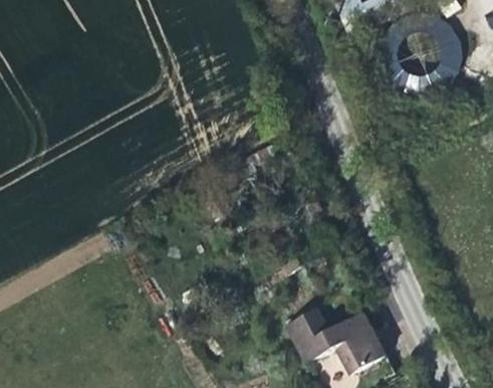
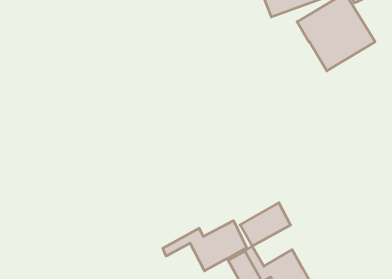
building: none -> [240,203,291,246]
building: none -> [163,221,246,271]

